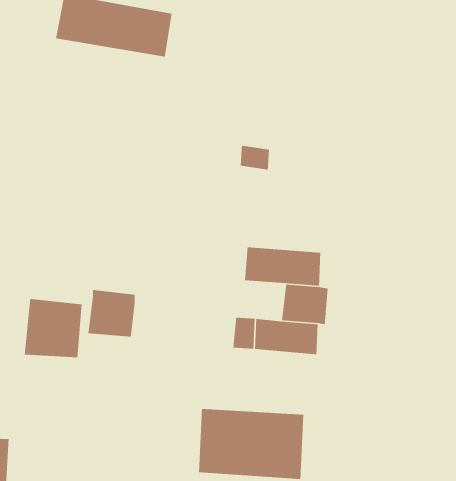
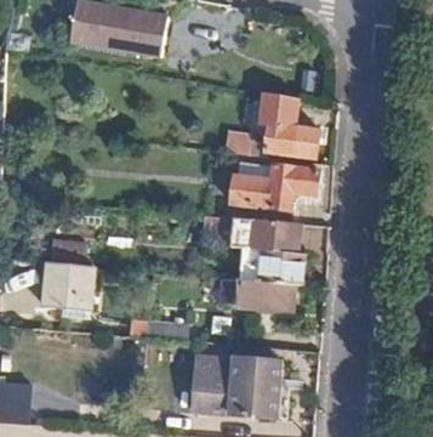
building: none -> [261,93,317,158]
building: none -> [230,166,318,211]
building: [88,289,136,338] -> none

